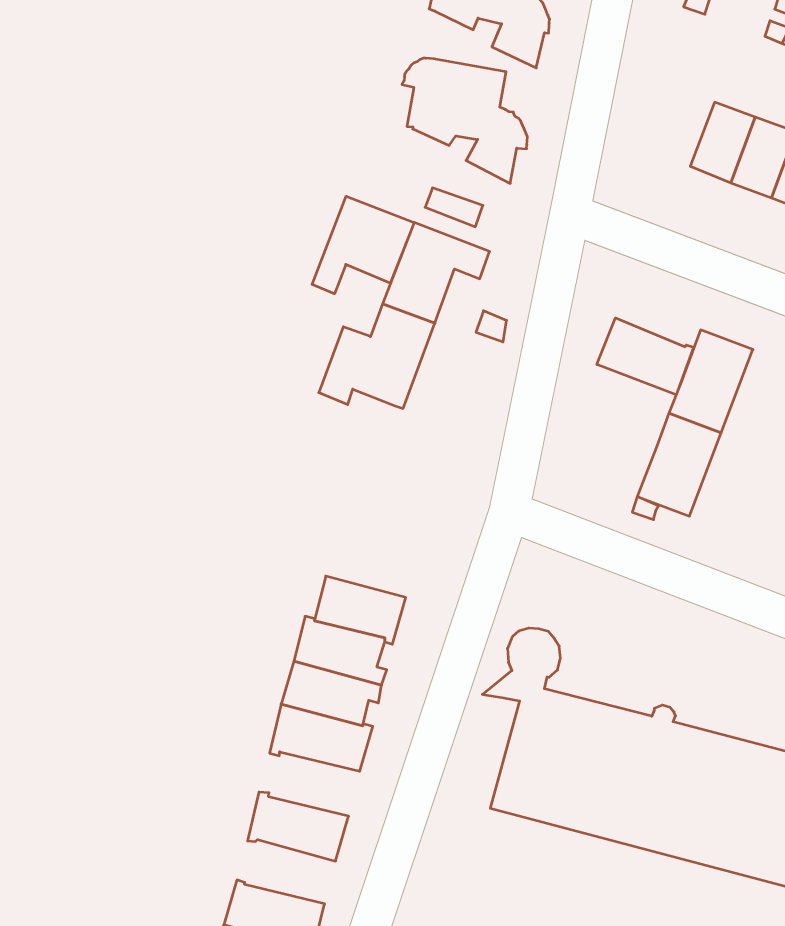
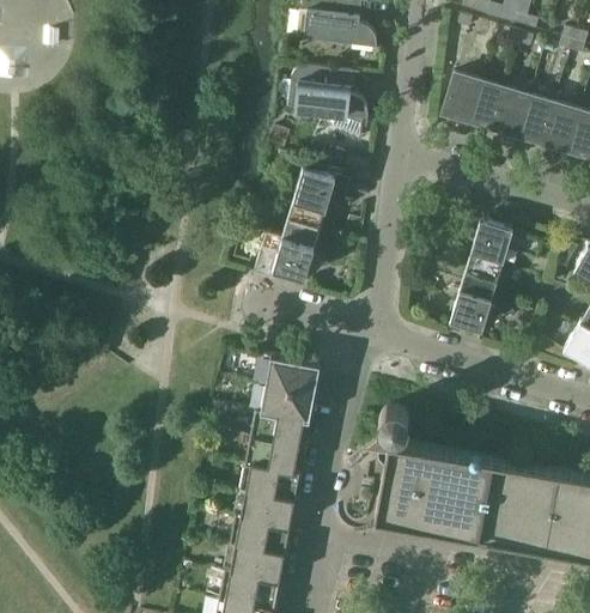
building: none -> [444,73,481,121]
building: [312,196,414,294] -> none
building: [597,318,693,395] -> none
building: none -> [267,356,321,393]
building: none -> [242,491,296,527]
building: none -> [231,545,285,581]

